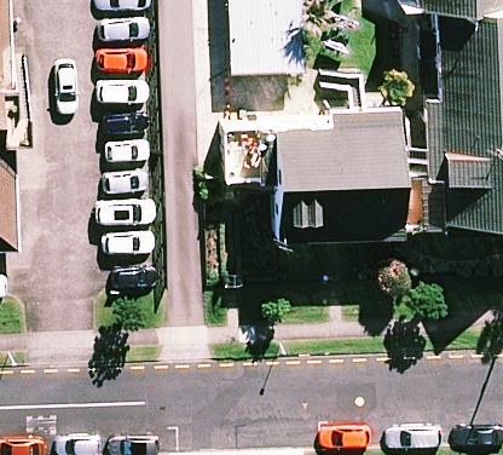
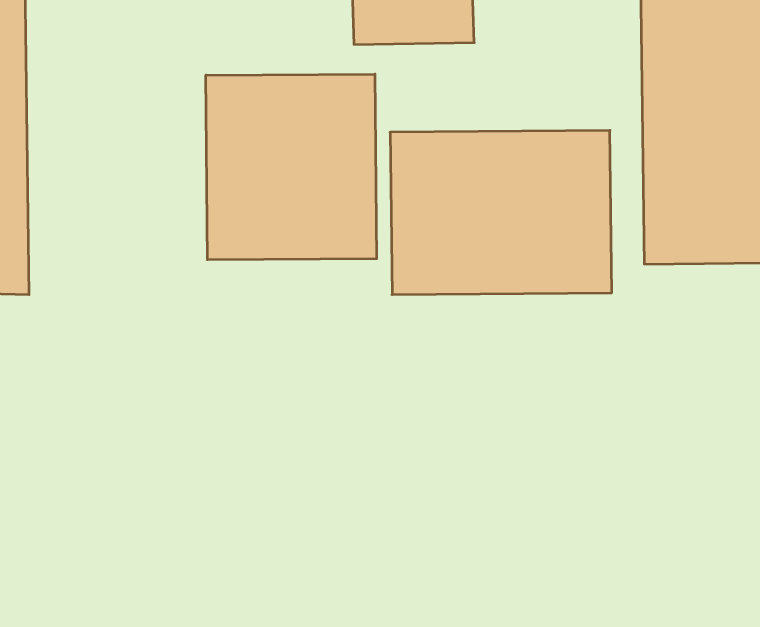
building: none -> [206,74,377,260]

